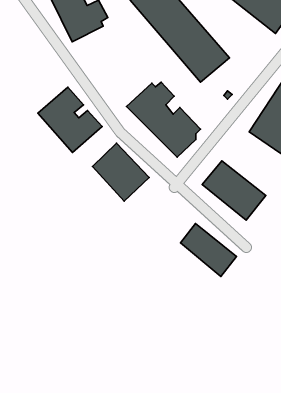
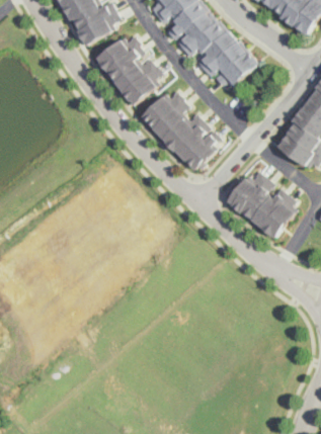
building: [38,87,102,153] -> [96,30,166,101]
building: [92,143,149,201] -> none
building: [180,223,237,276] -> none

